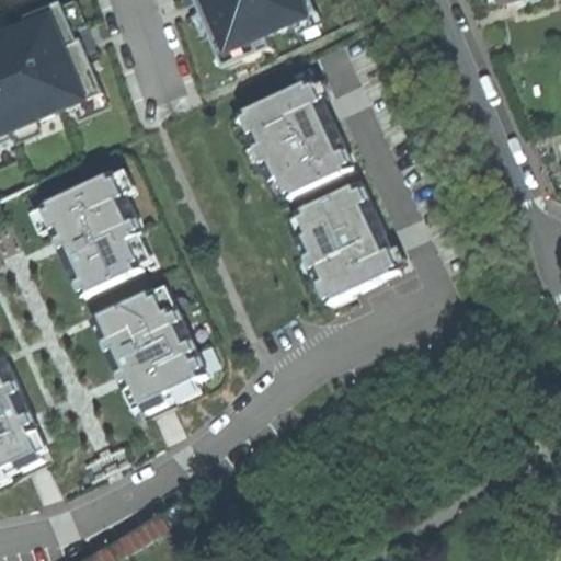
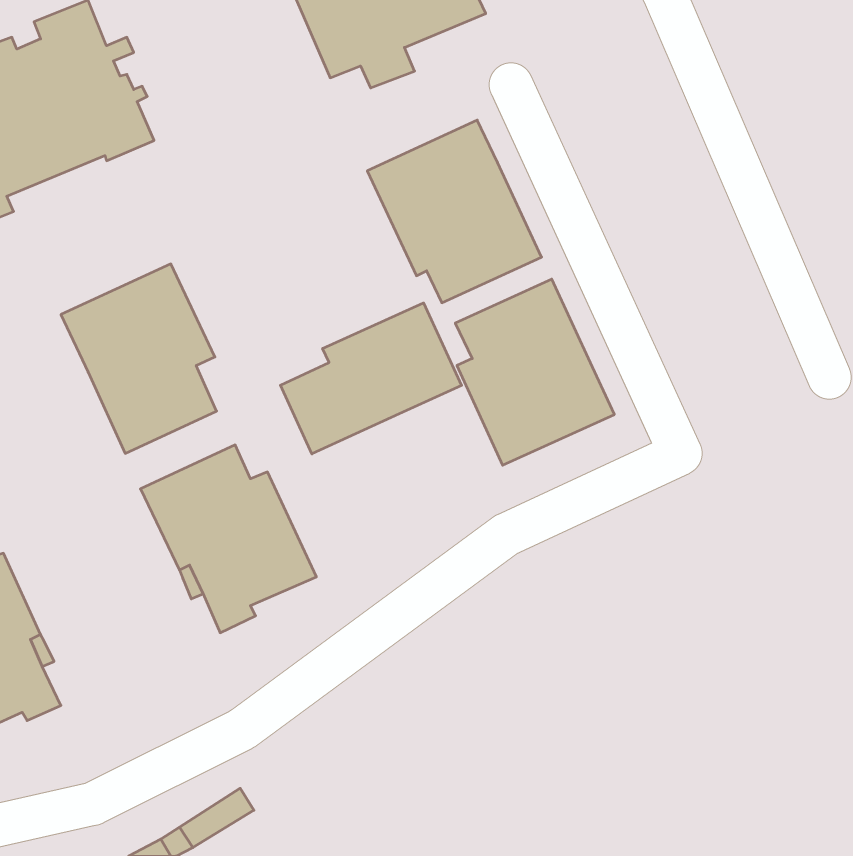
building: none -> [280,303,462,454]

